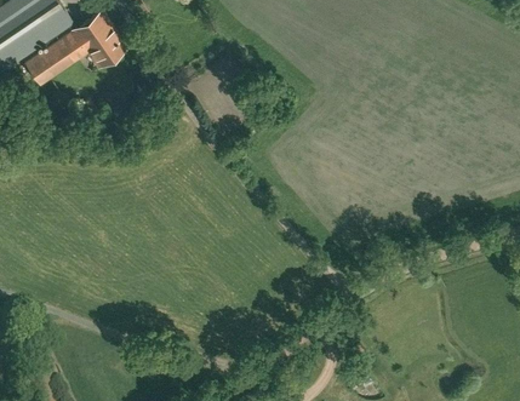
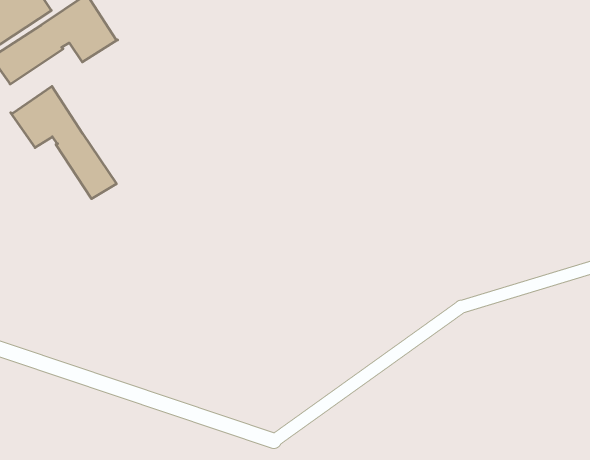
building: none -> [11,86,116,199]

